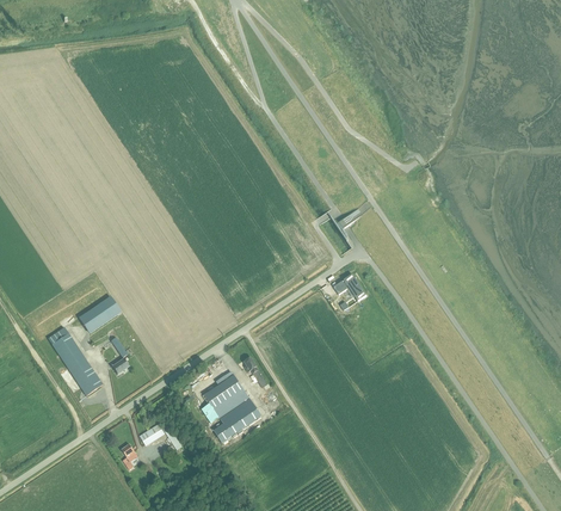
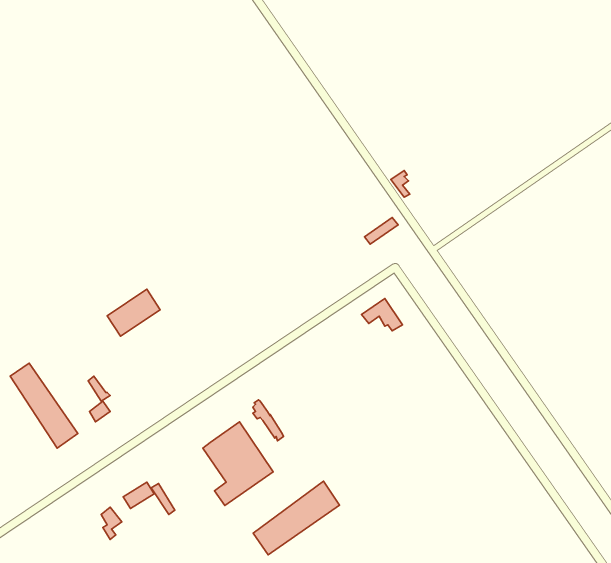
building: [78,295,121,333] -> [107,289,160,336]
building: none -> [253,481,340,555]

